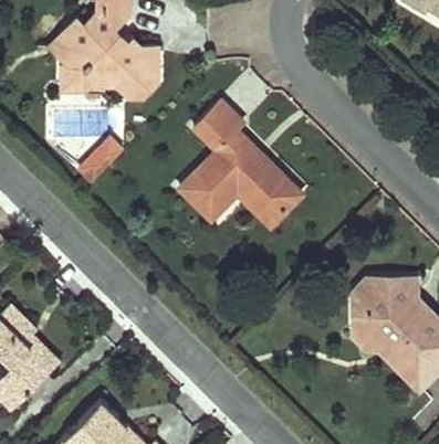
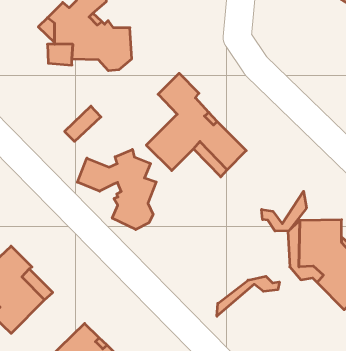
building: none -> [77,149,156,230]
building: none -> [262,191,306,231]
building: none -> [217,276,279,316]

